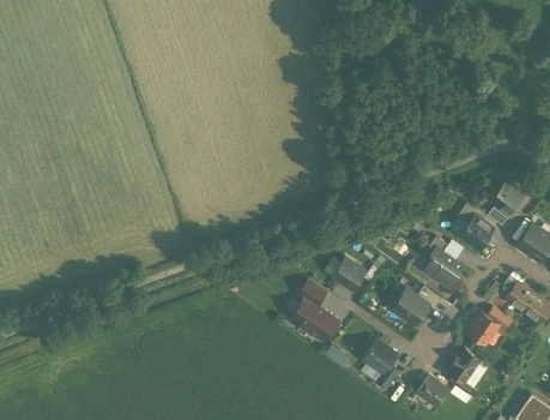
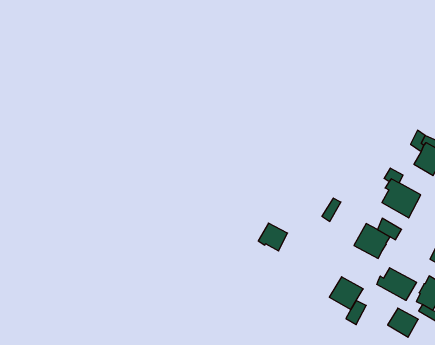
building: [332,258,364,290] -> none
building: [290,299,338,341] -> none
building: none -> [377,268,417,300]

